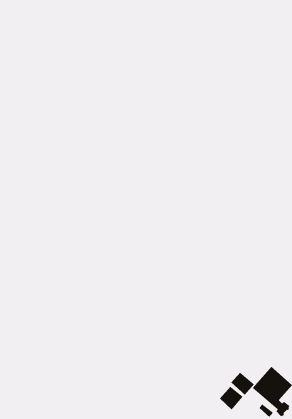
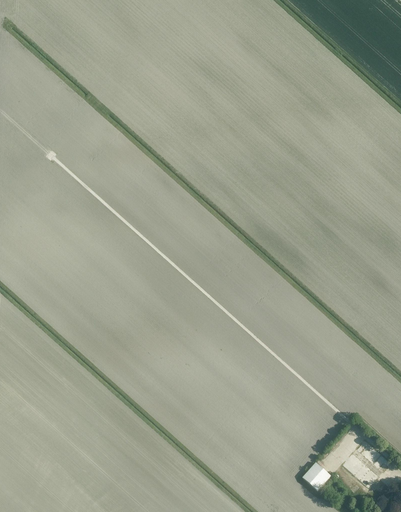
building: [231,372,255,396] -> none

